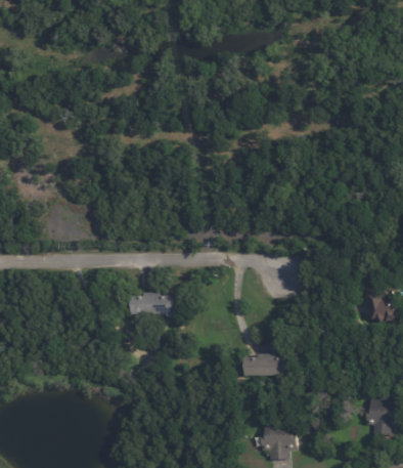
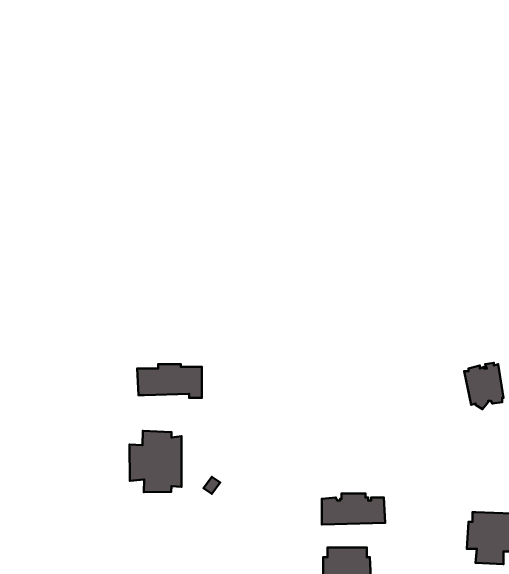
building: none -> [130,431,181,492]
building: [242,355,288,378] -> [322,493,385,524]

